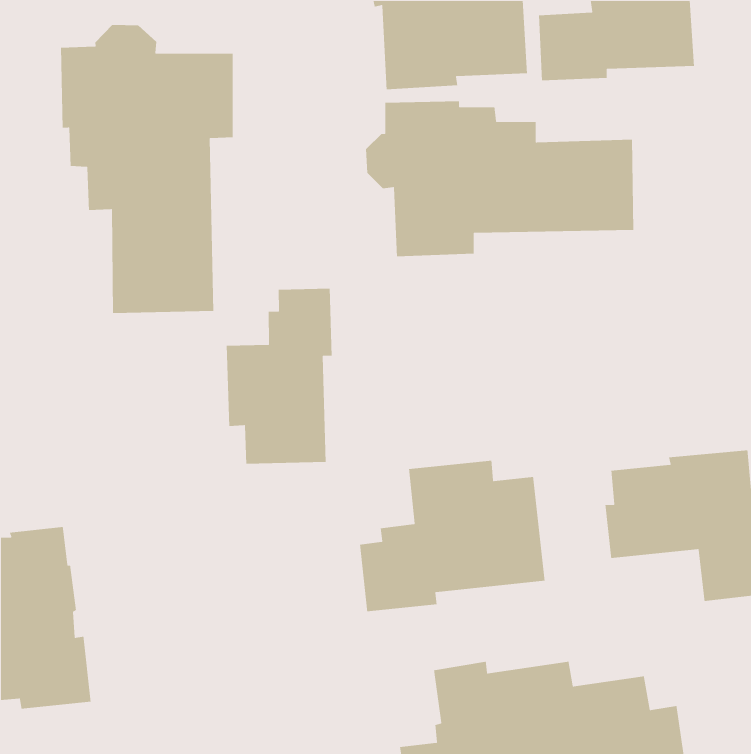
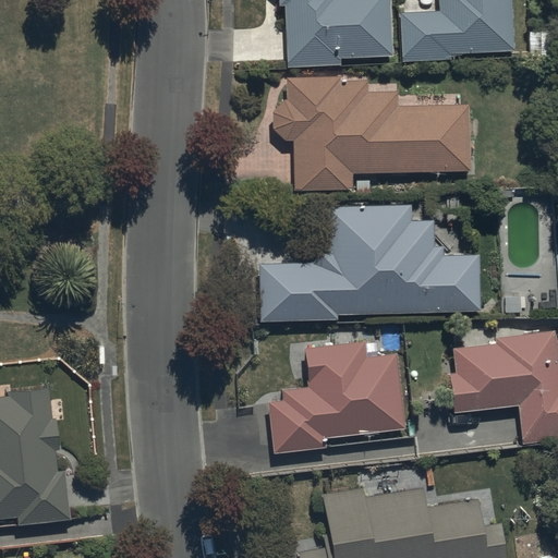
building: [60,24,234,314] -> none
building: none -> [259,203,481,320]
building: [226,288,333,464] -> none

